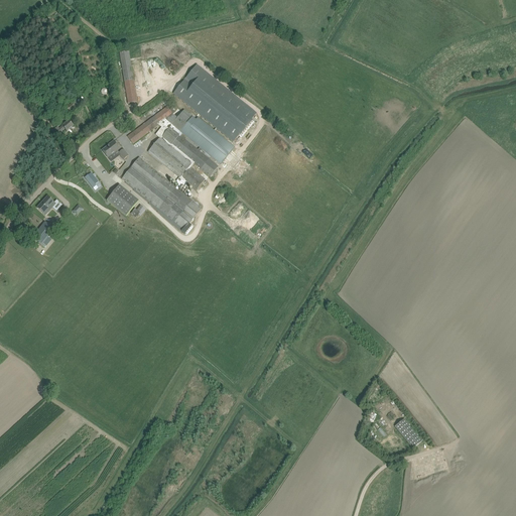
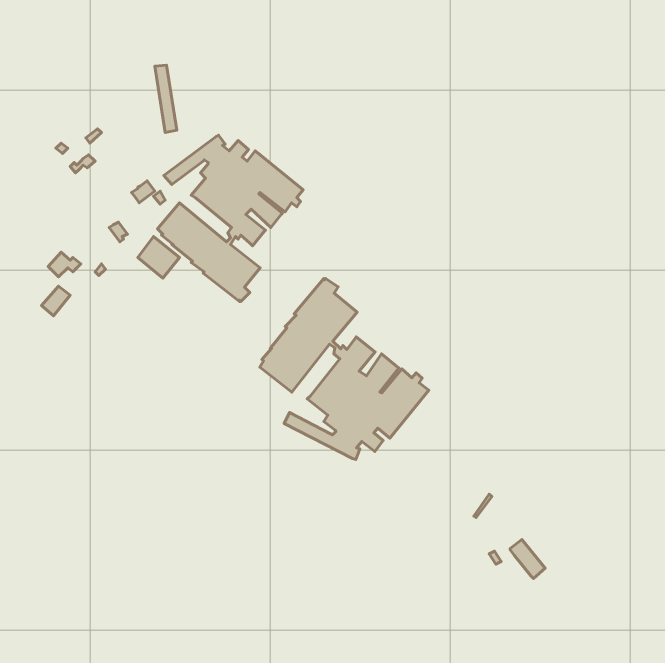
building: [173,63,256,141] -> none
building: none -> [260,278,429,460]

